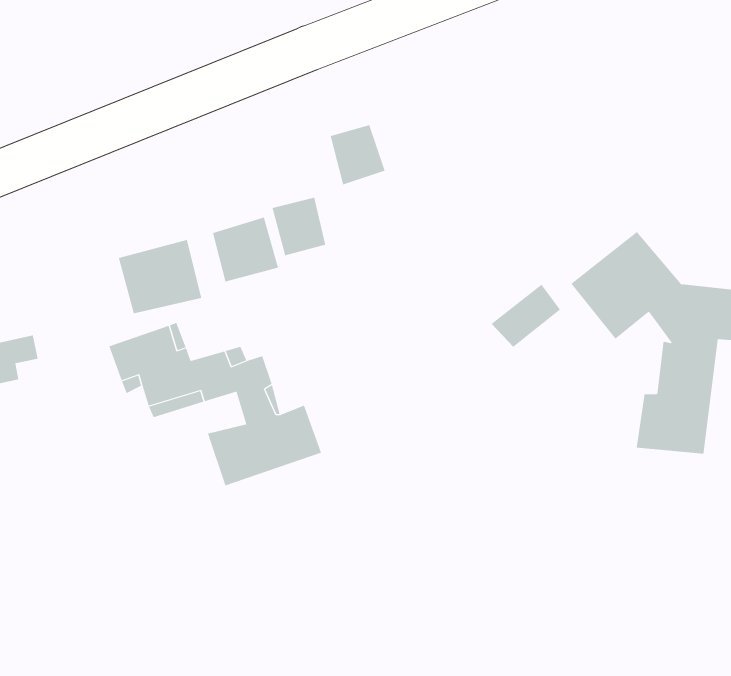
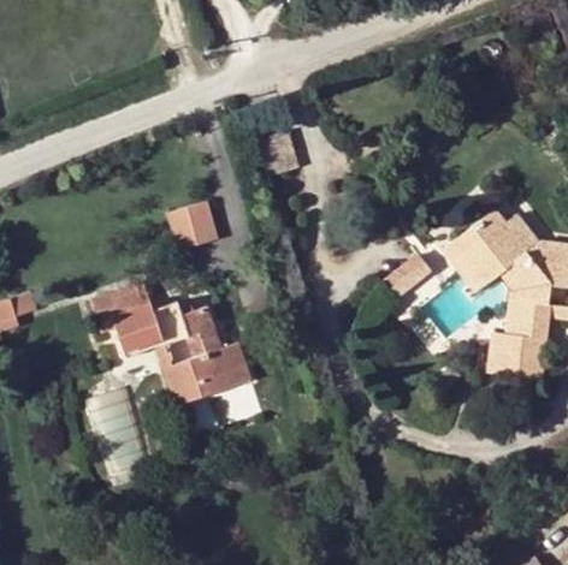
building: [272,197,326,256] -> none
building: [118,239,202,314] -> none

